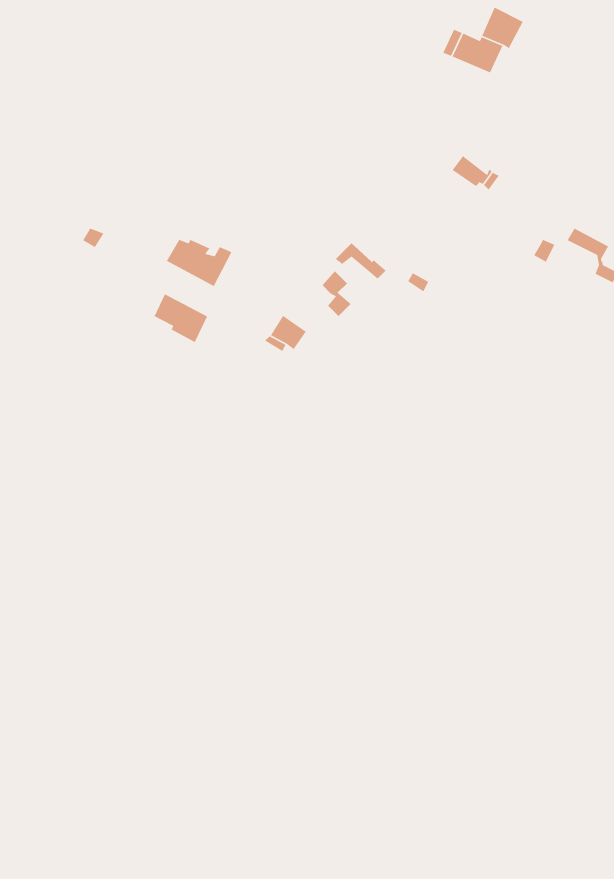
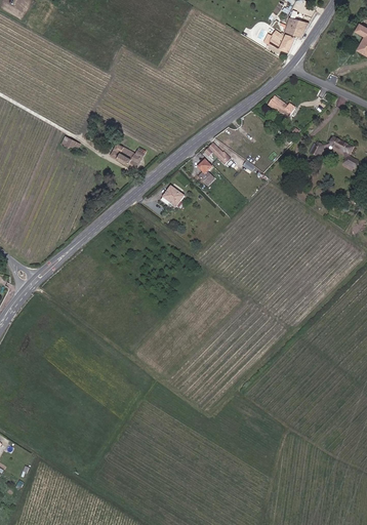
building: [153,293,208,343] -> none

